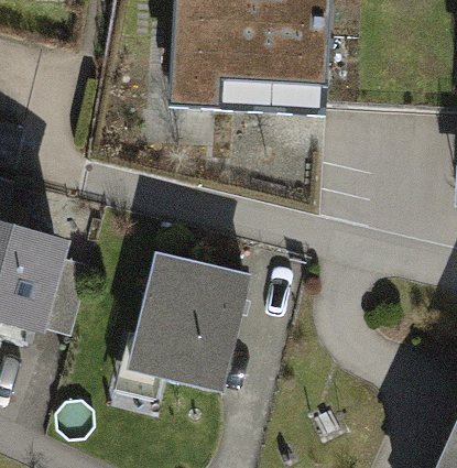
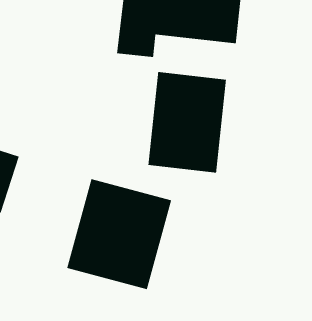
building: none -> [148,71,227,173]

